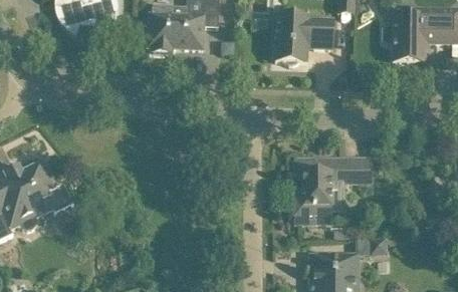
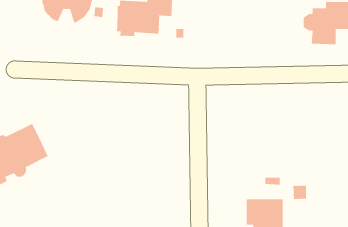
building: [271,14,333,65] -> none
building: [293,159,372,224] -> none

